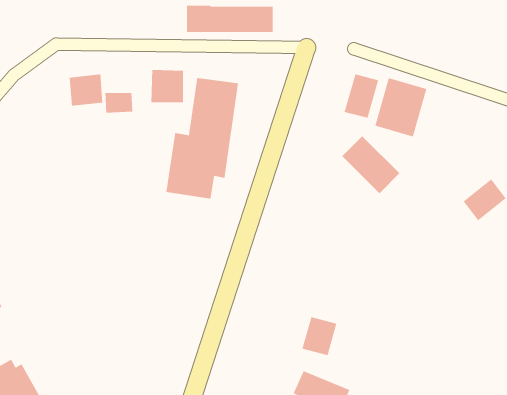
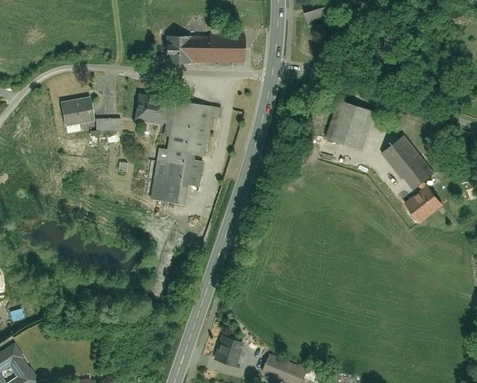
building: [344,74,379,119] -> none
building: [342,135,400,194] -> [379,138,430,189]
building: [302,317,337,356] -> [214,333,245,367]

